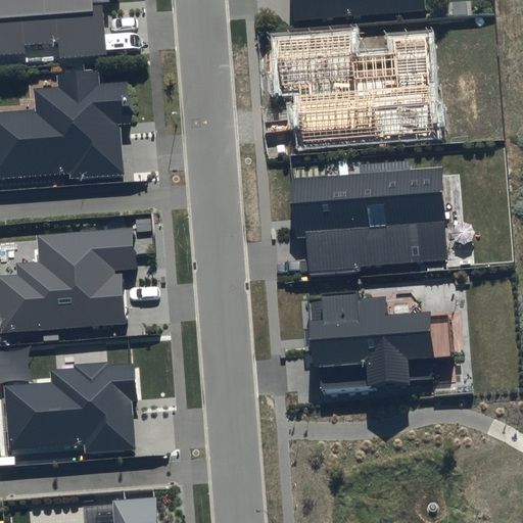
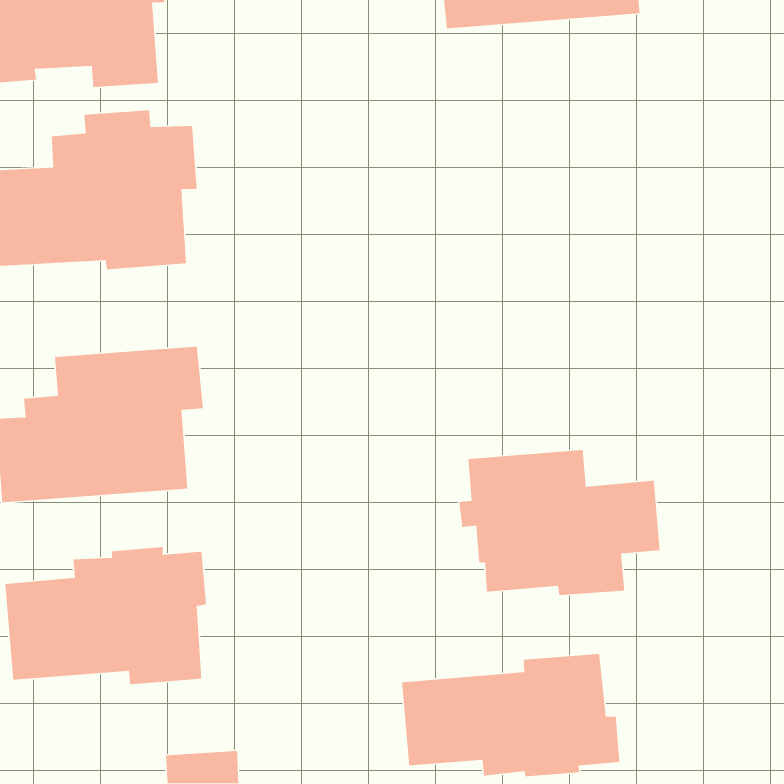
building: [276,31,430,140] -> none
building: [291,161,450,275] -> none
building: none -> [401,653,620,777]

